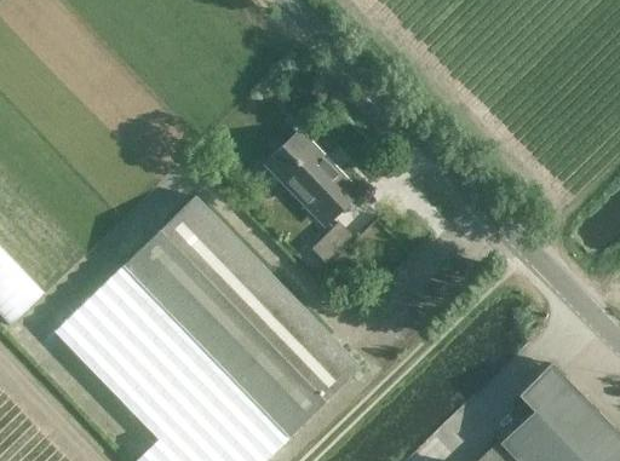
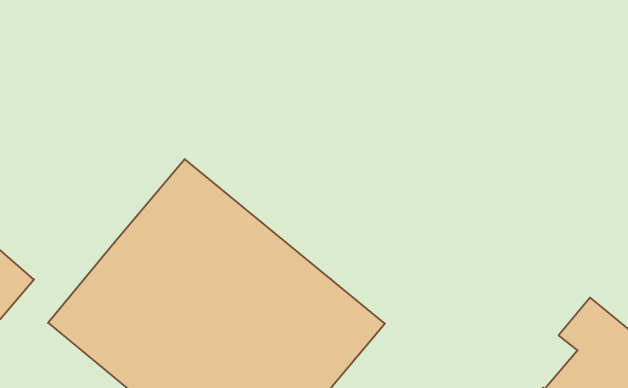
building: [270,137,354,219] -> none
building: [311,221,352,263] -> none

